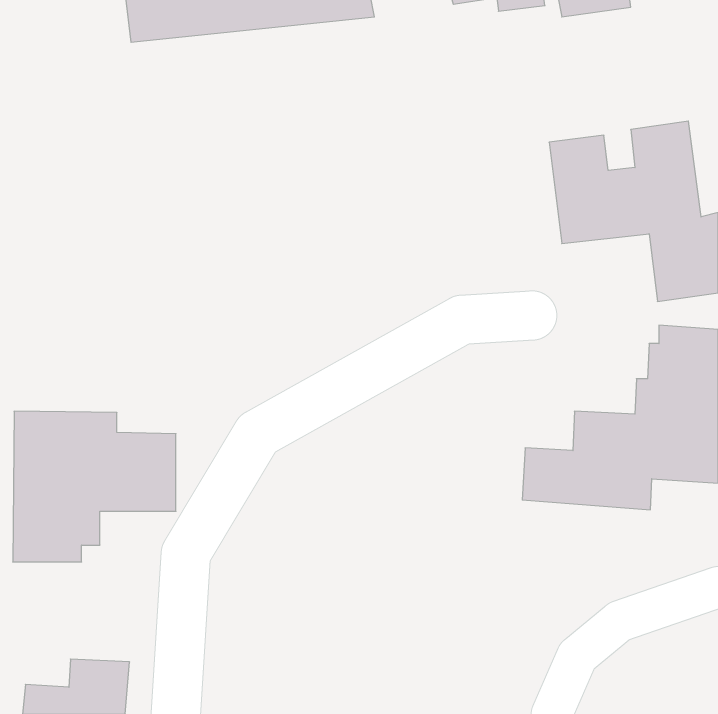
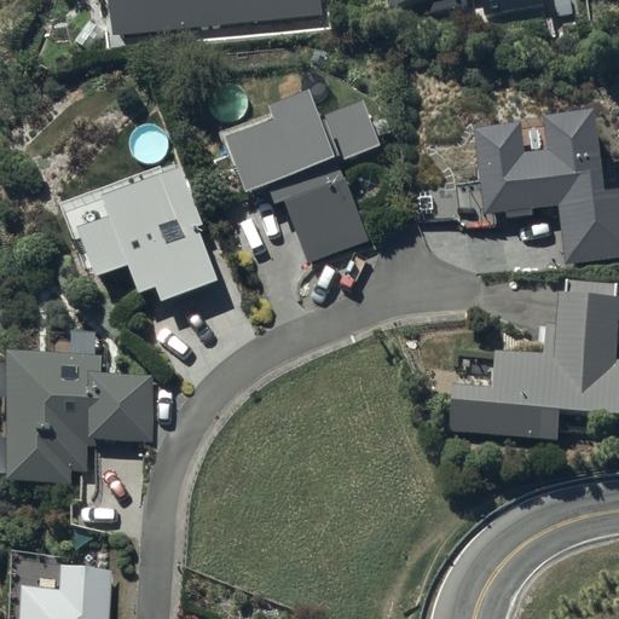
building: none -> [218,94,389,264]
building: none -> [59,162,218,301]

